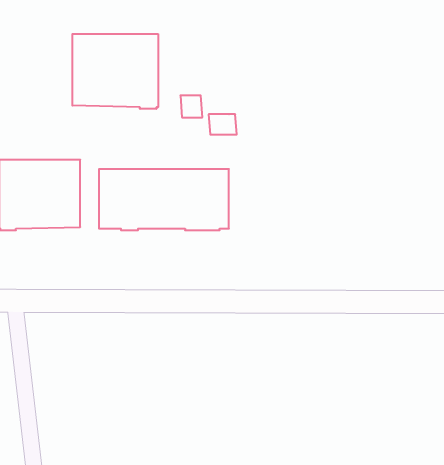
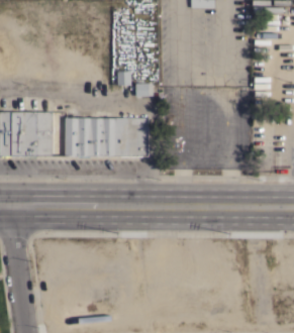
building: [72,34,158,109] -> none

